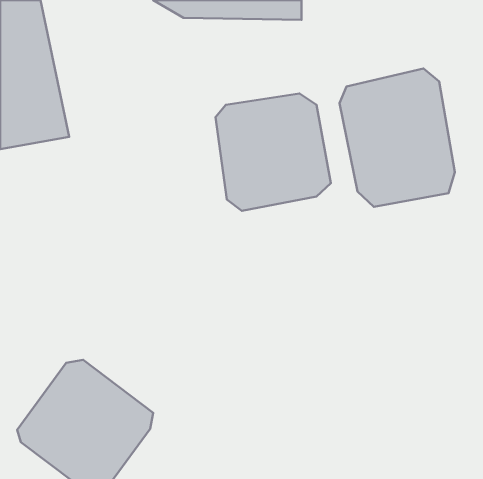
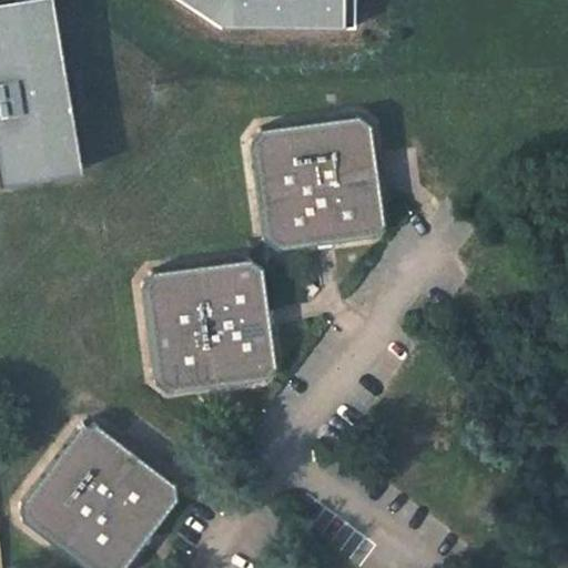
building: [340,68,455,207] -> none
building: none -> [144,258,282,397]

